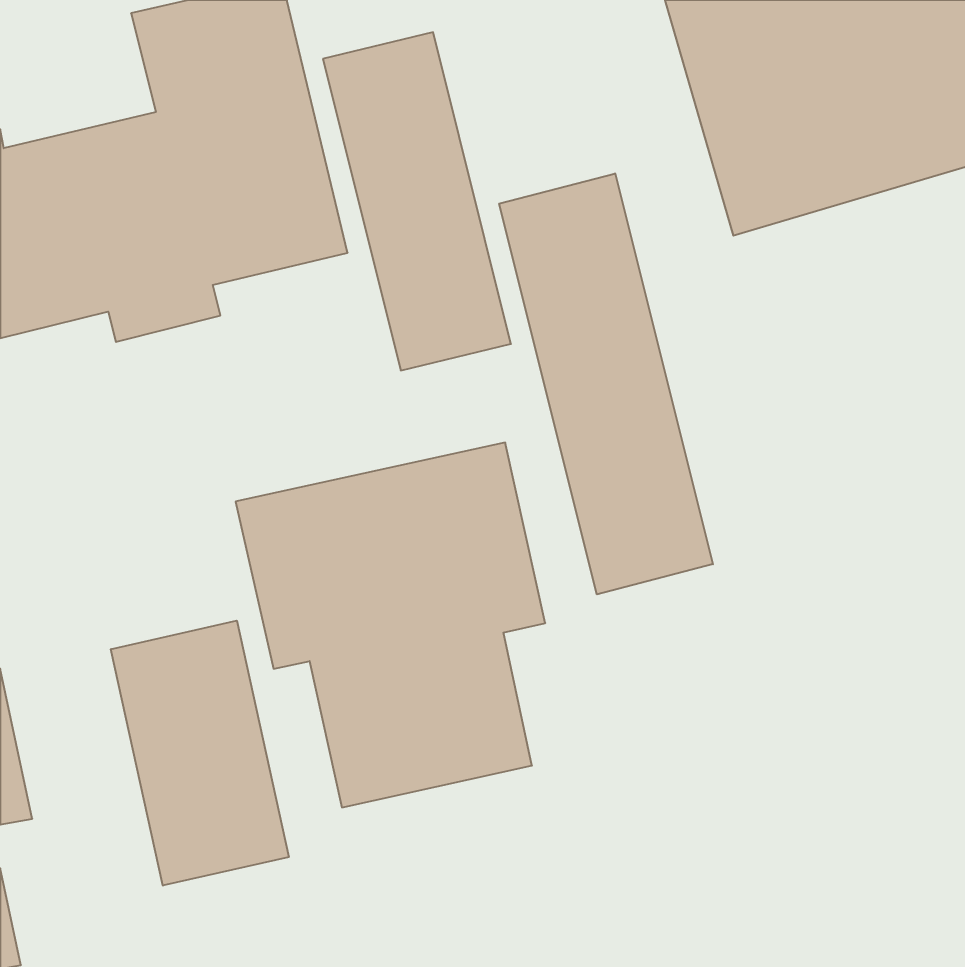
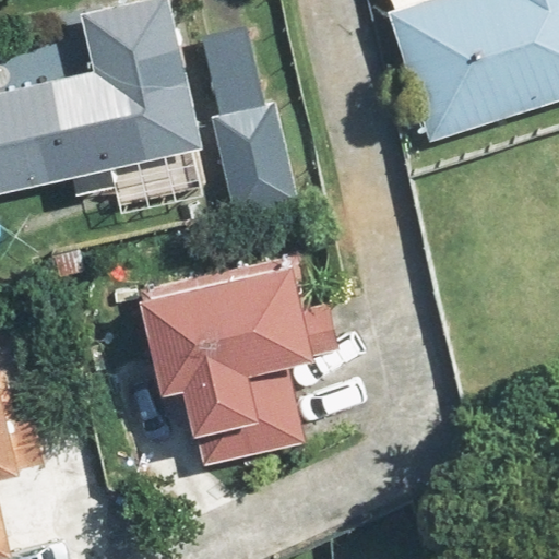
building: [499,173,713,594] -> none
building: [111,621,289,886] -> none

